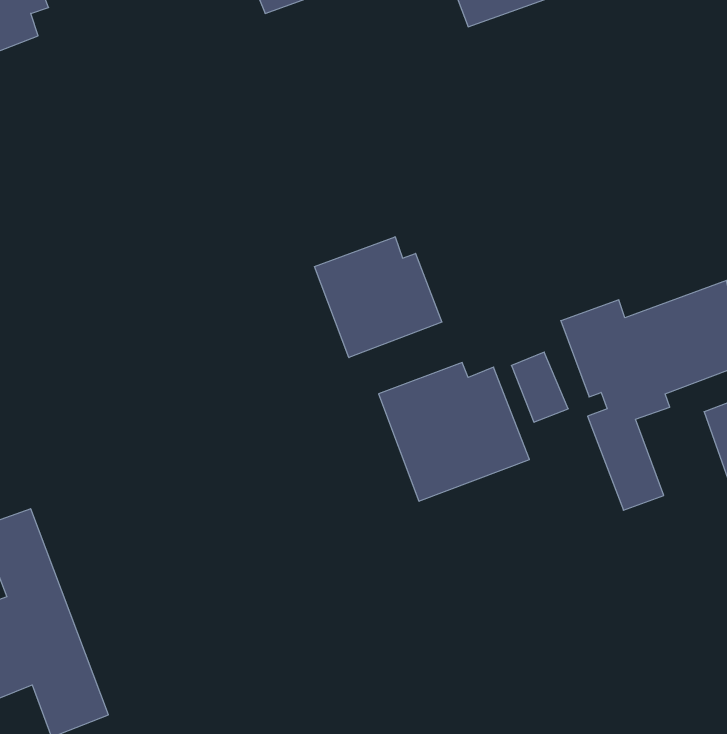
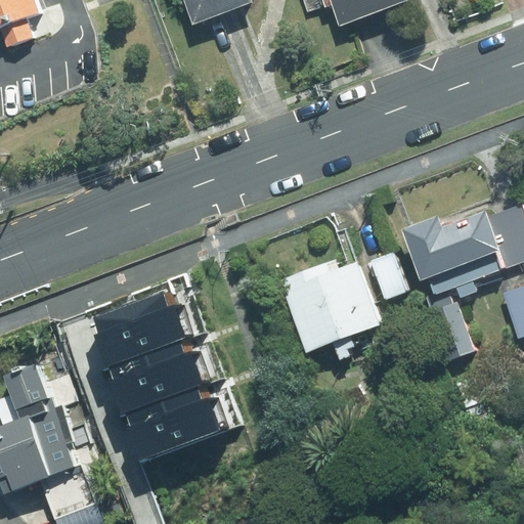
building: [314,237,442,358] -> none
building: none -> [95,282,232,454]

